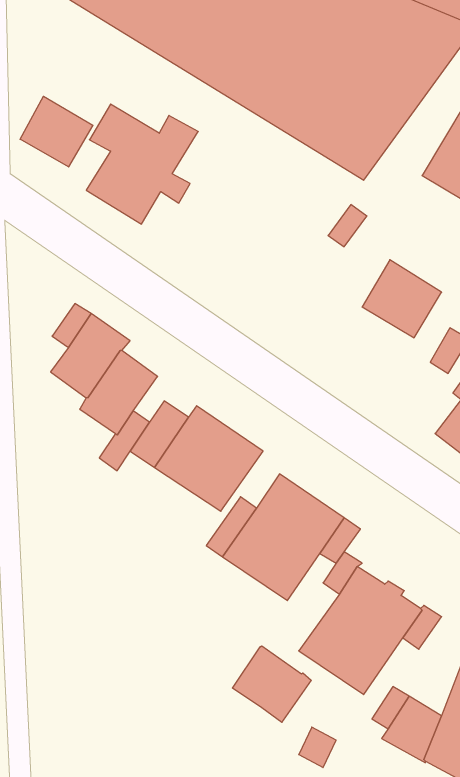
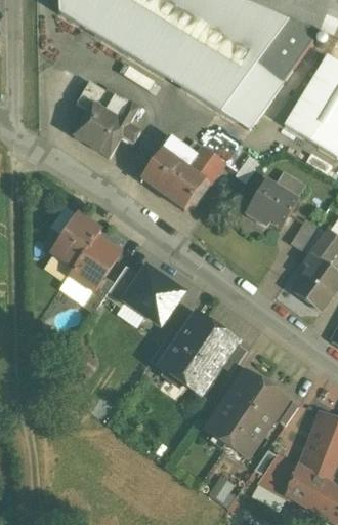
building: [20,96,93,167] -> none
building: none -> [140,136,223,208]
building: [232,646,311,722] -> none

